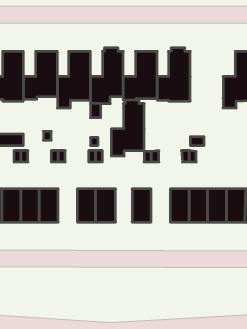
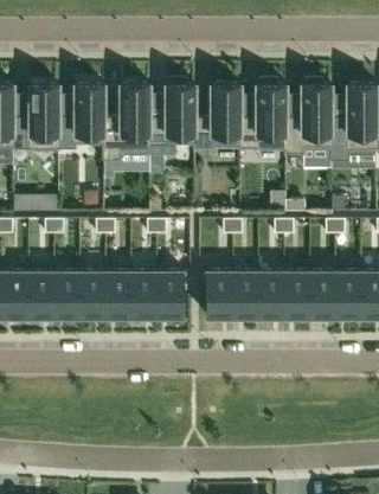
building: [111,100,144,156] -> [285,78,330,154]
building: none -> [105,270,131,315]
building: none -> [232,270,258,315]

